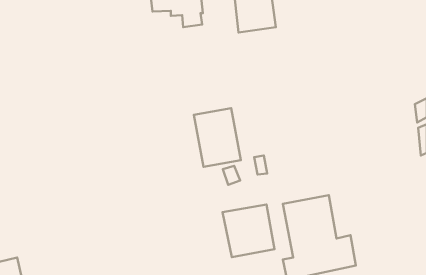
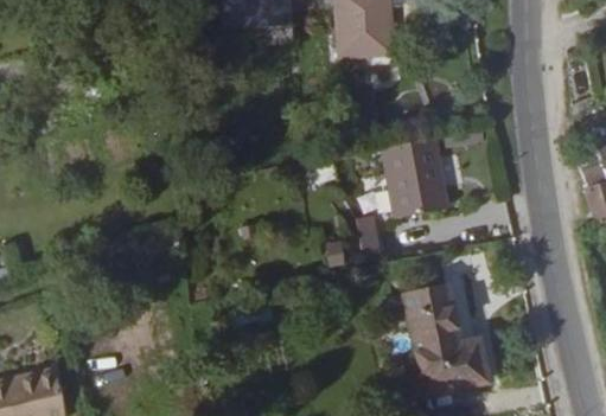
building: [194,108,241,167] -> [387,135,451,216]
building: [223,205,275,257] -> none

